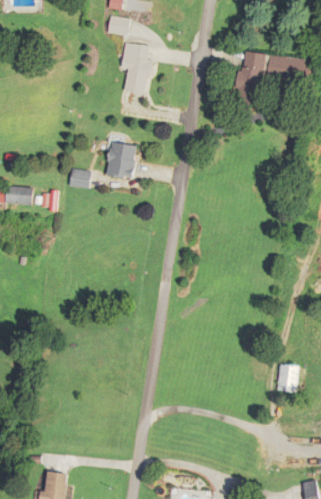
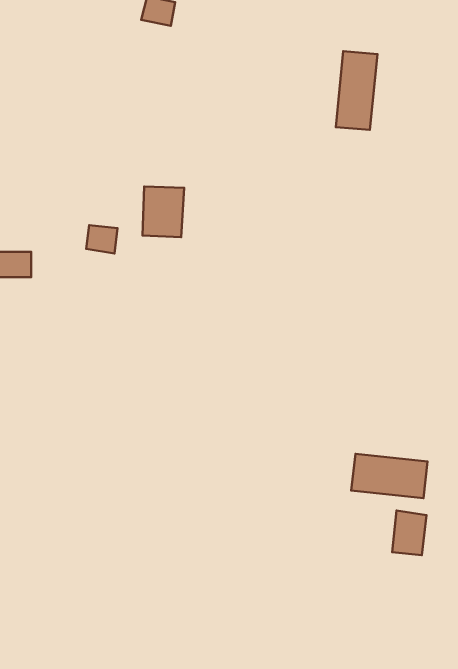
building: [121,44,150,94] -> none
building: [267,57,312,84] -> none
building: none -> [351,454,428,498]

